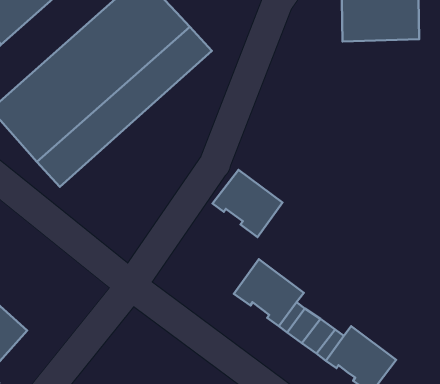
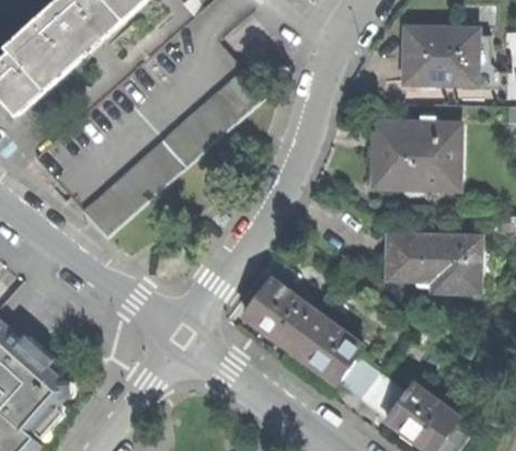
building: none -> [370,115,466,192]
building: [212,170,283,237] -> [241,280,314,350]
building: none -> [388,236,479,292]

